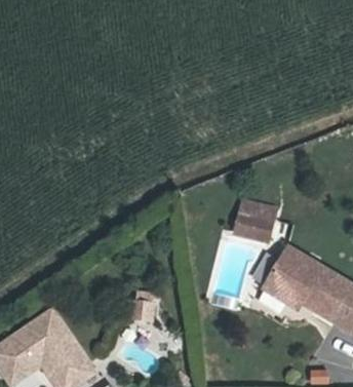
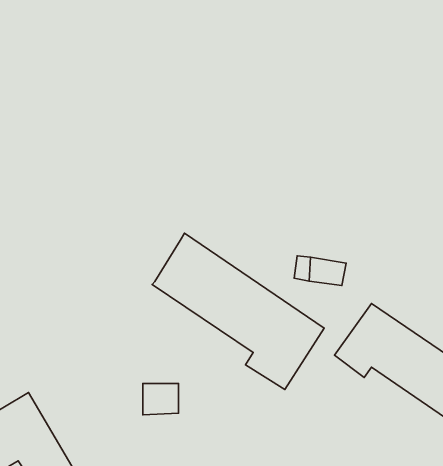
building: none -> [152,233,324,389]

